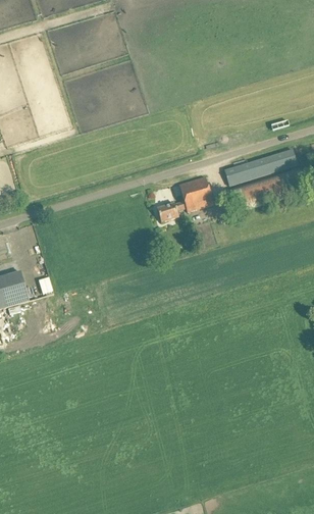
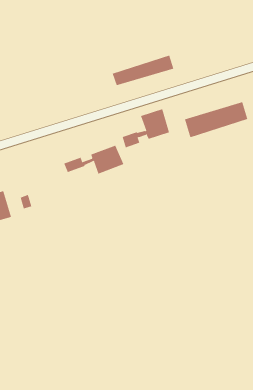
building: [224,148,297,184] -> [112,55,174,86]
building: none -> [64,145,124,175]

